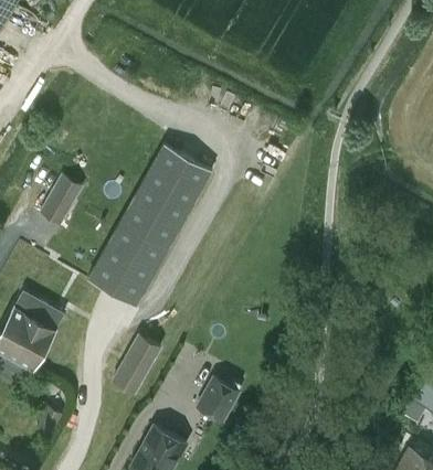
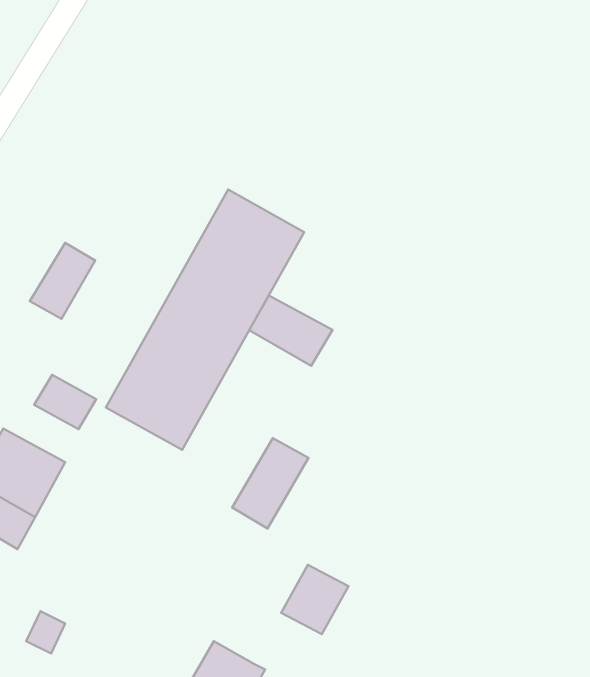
building: none -> [249,295,332,366]
building: none -> [34,375,96,429]
building: [113,338,160,394] -> [232,438,308,529]

